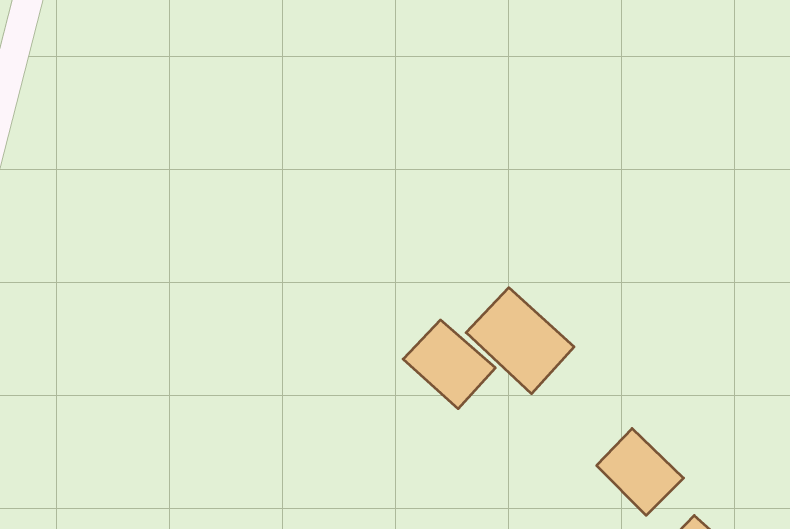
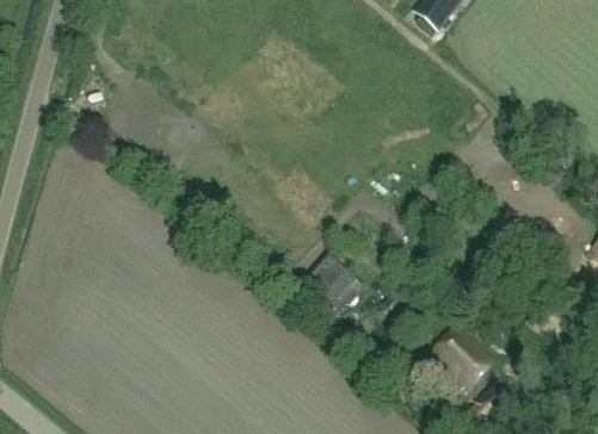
building: [466,288,574,394] -> none

